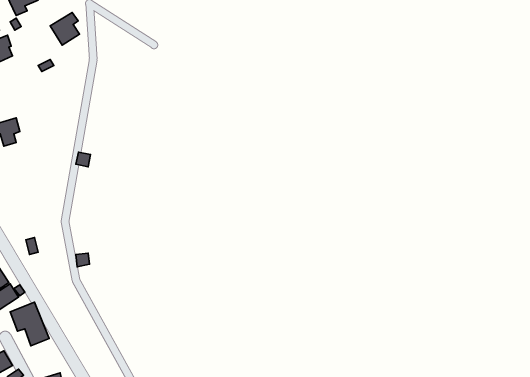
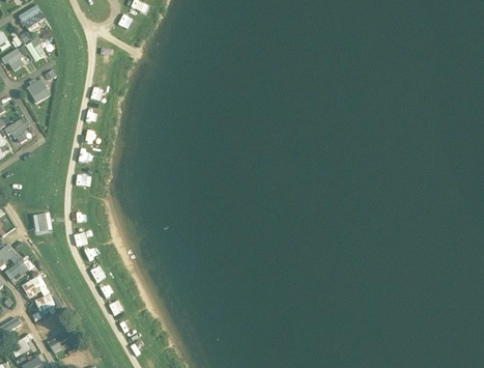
building: [50,12,79,45] -> [25,76,50,104]

